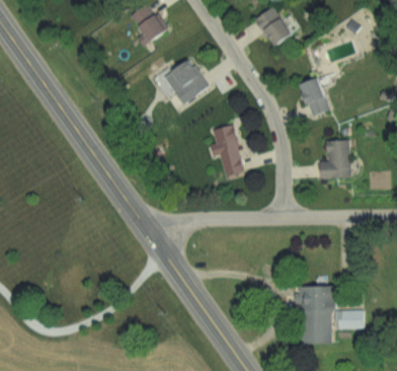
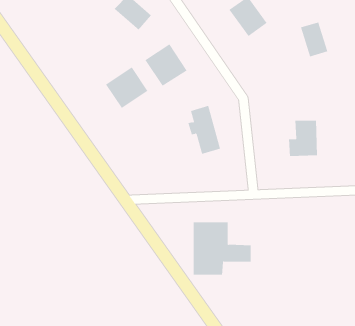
building: [301,77,331,116] -> [300,22,328,57]
building: none -> [105,66,148,109]
building: [298,284,362,342] -> [193,222,252,275]

